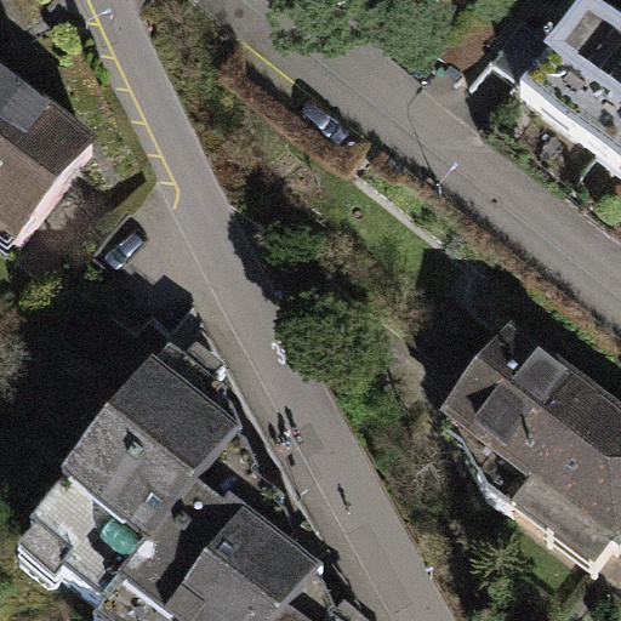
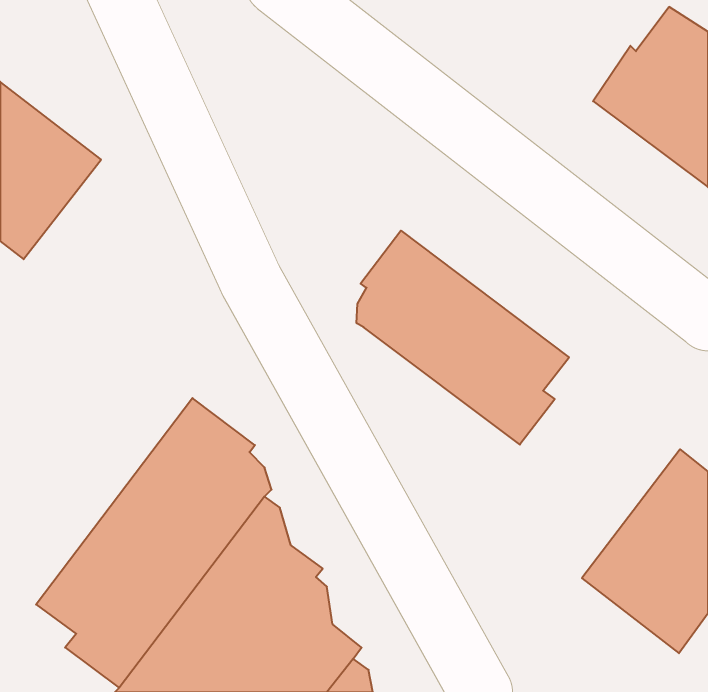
building: none -> [357,231,569,445]
building: [445,327,596,506] -> none

